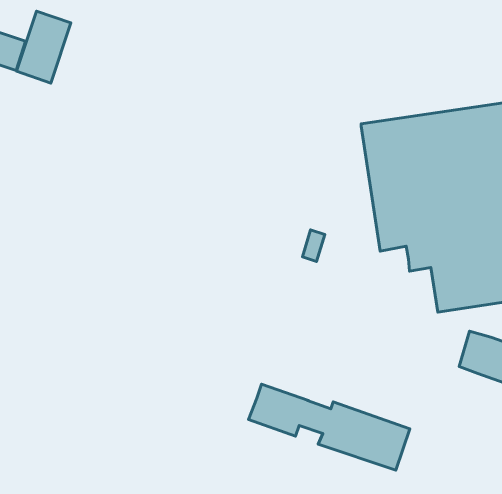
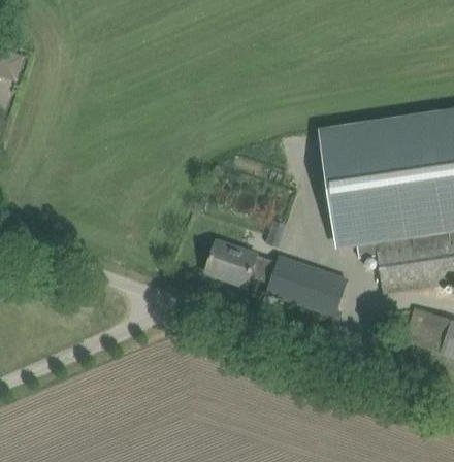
building: [16,11,71,83] -> none
building: [249,384,410,470] -> [206,240,348,316]

